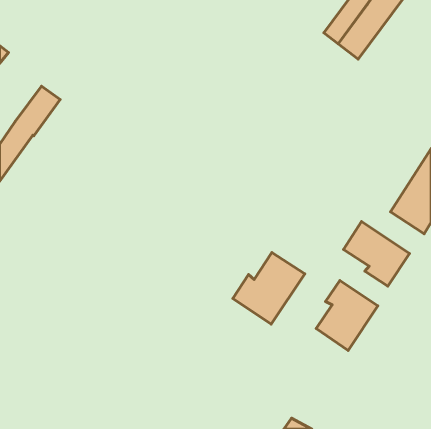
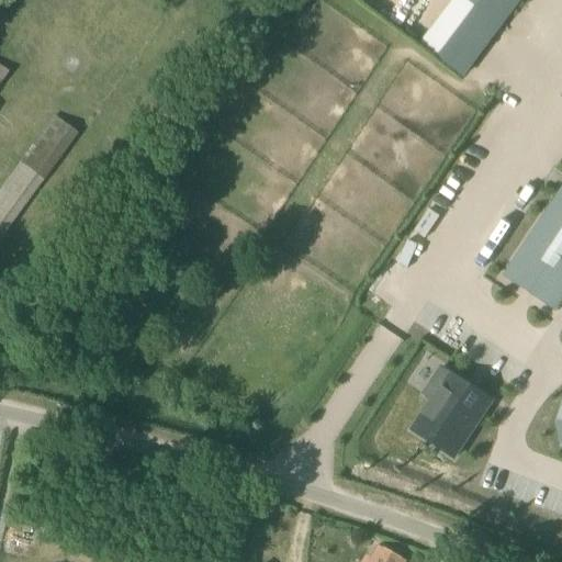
building: [343,221,409,286] -> none
building: [233,253,305,324] -> none

